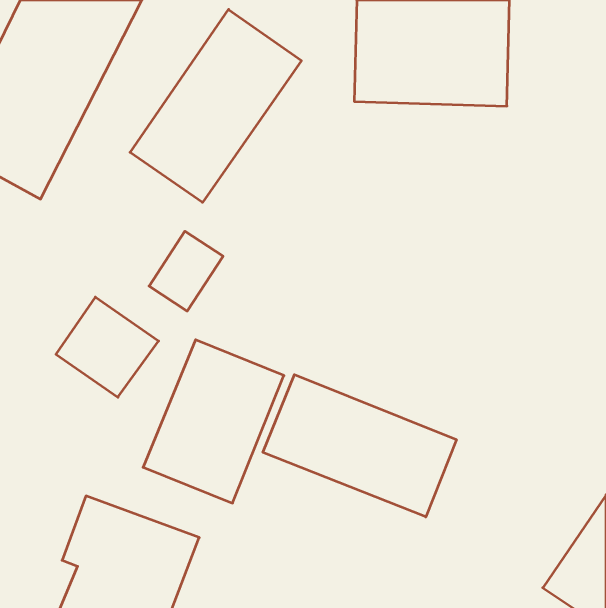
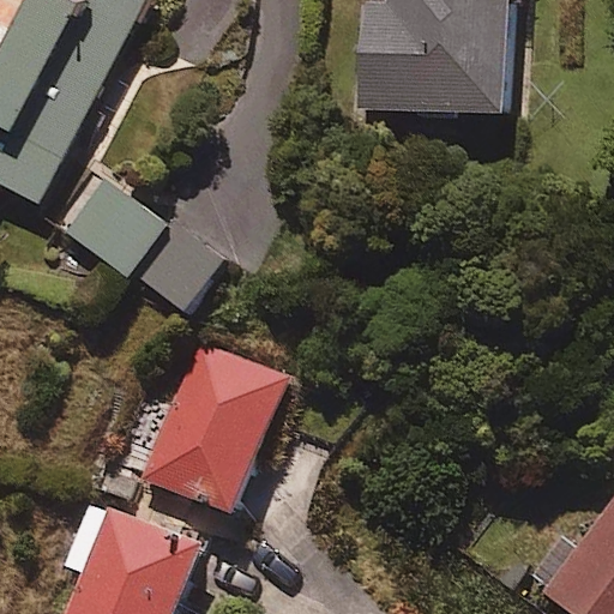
building: [130,9,301,202] -> none
building: [56,297,159,397] -> [66,174,169,275]
building: [263,375,456,517] -> none

